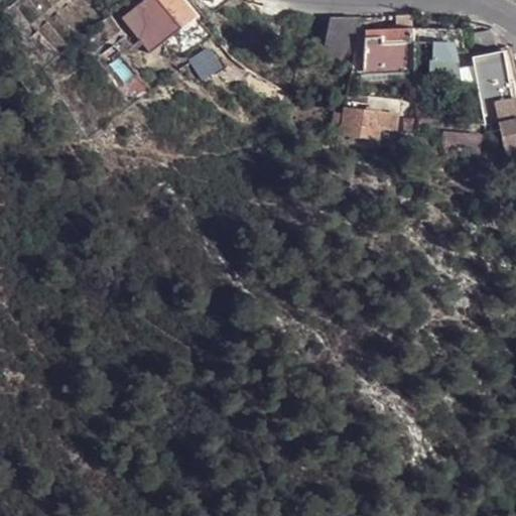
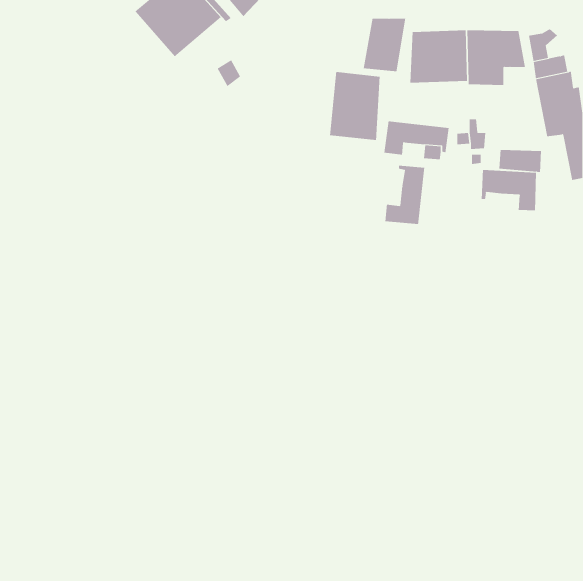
building: none -> [330,71,380,141]
building: none -> [385,165,425,225]
building: none -> [481,169,537,211]

